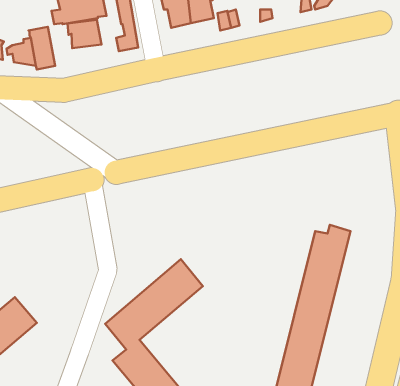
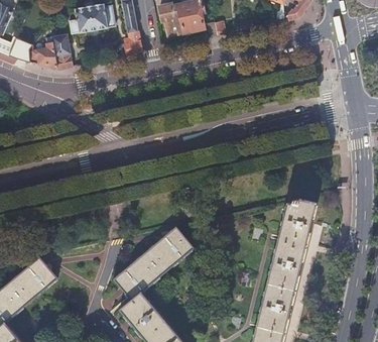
building: [67,20,101,48] -> none

